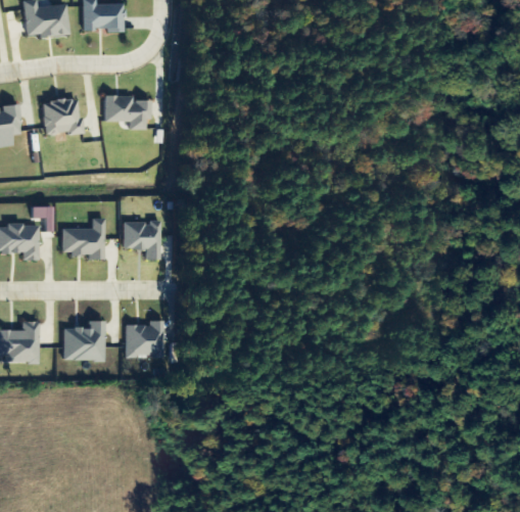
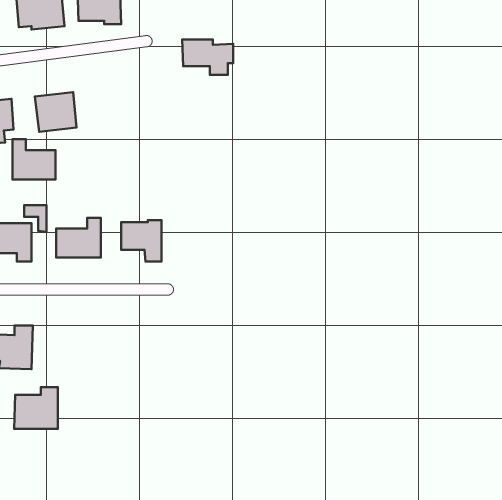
building: [103,95,152,129] -> [182,40,233,75]
building: none -> [13,139,55,180]
building: [62,320,104,360] -> [14,387,58,429]
building: [125,320,168,357] -> none

